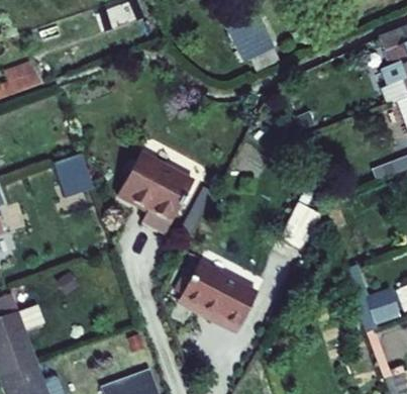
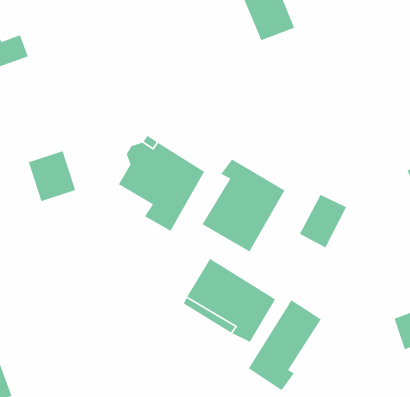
building: none -> [202,158,285,253]
building: none -> [248,299,322,391]

